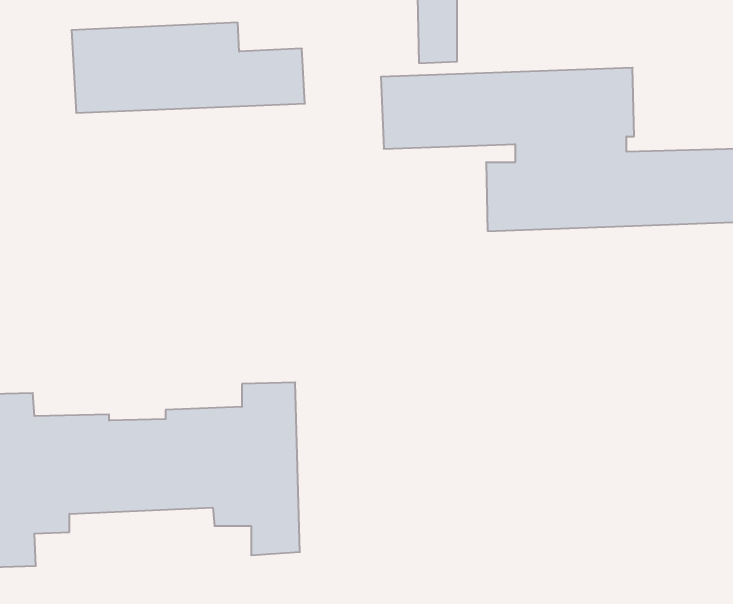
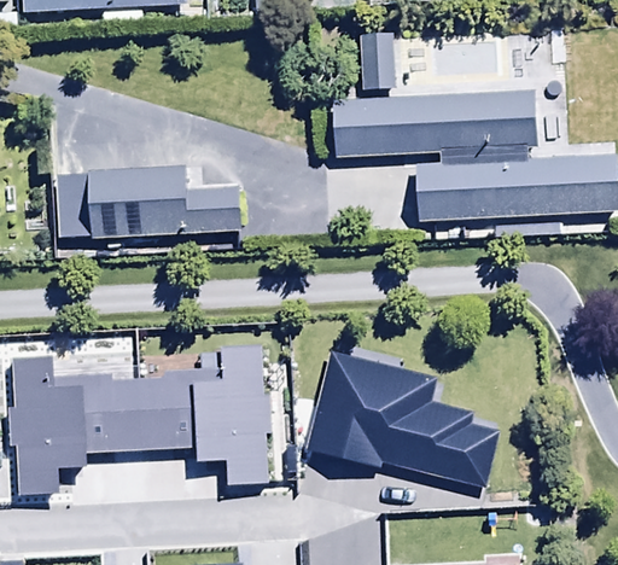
building: [71,23,305,113] -> [56,165,240,237]
building: none -> [307,349,503,487]

